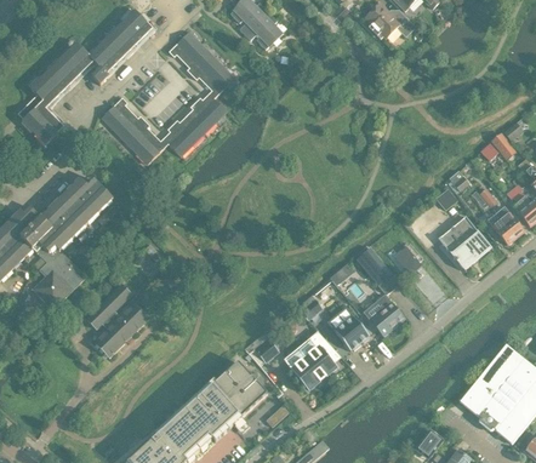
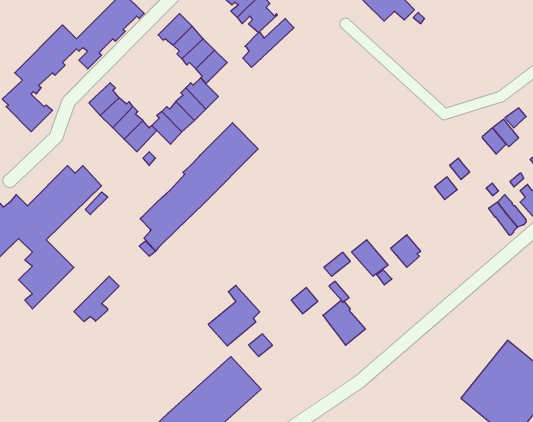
building: none -> [243,18,294,67]
building: none -> [140,123,258,251]
building: [438,216,491,270] -> none
building: [363,293,403,336] -> none
building: [93,303,148,356] -> none
building: [290,330,340,388] -> [208,285,260,346]

